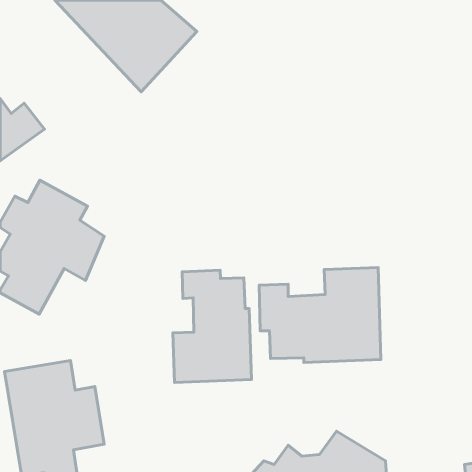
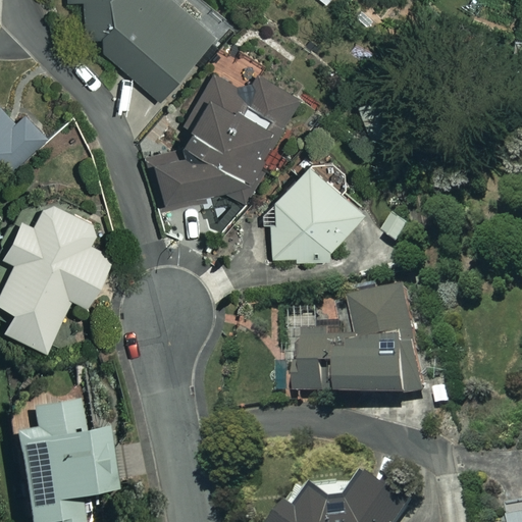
building: none -> [146,59,294,213]
building: none -> [262,163,363,262]
building: [173,270,251,383] -> none

